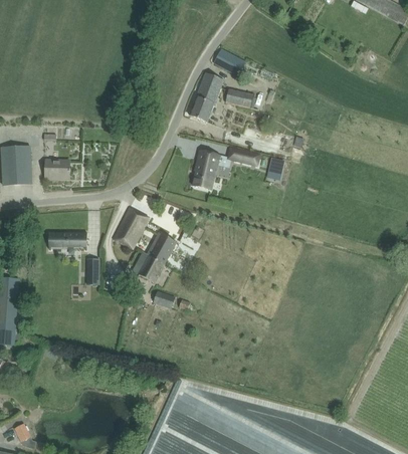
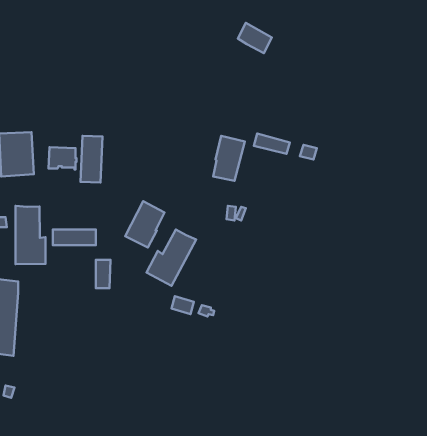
building: [189,72,222,122] -> none
building: [224,88,253,107] -> none
building: none -> [81,136,102,183]
building: none -> [16,206,46,264]

